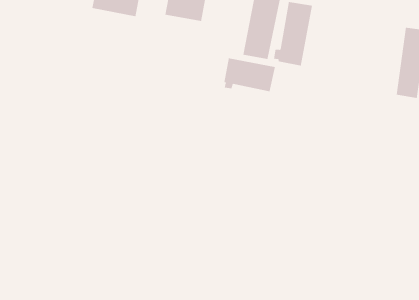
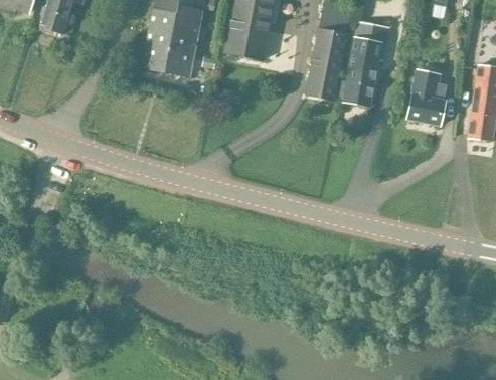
building: none -> [143,45,194,75]
building: none -> [407,70,445,126]
building: [224,57,276,92] -> none

